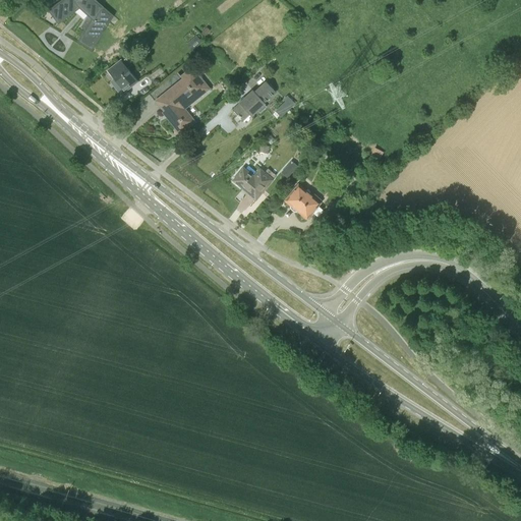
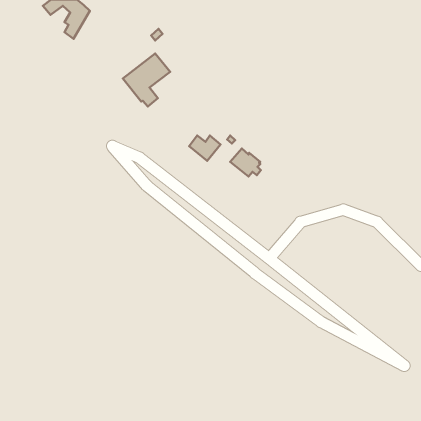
building: [108,58,139,90] -> none
building: [231,82,271,121] -> none

